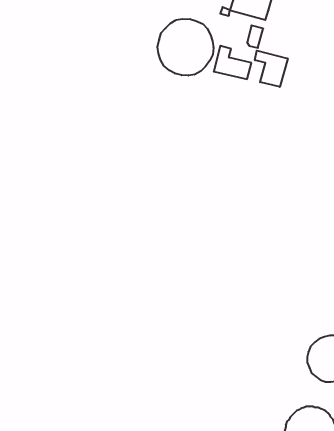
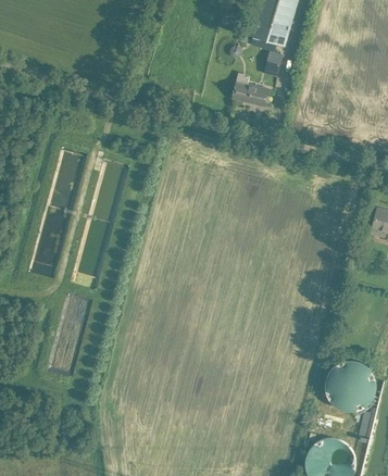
building: [158,19,213,76] -> none
building: [255,51,288,87] -> none

